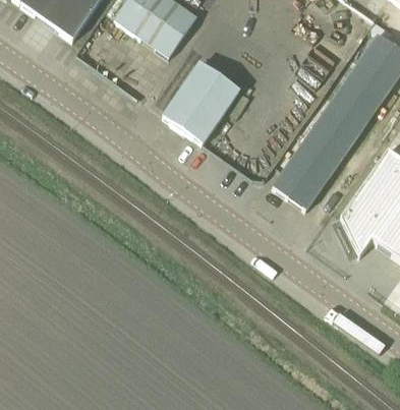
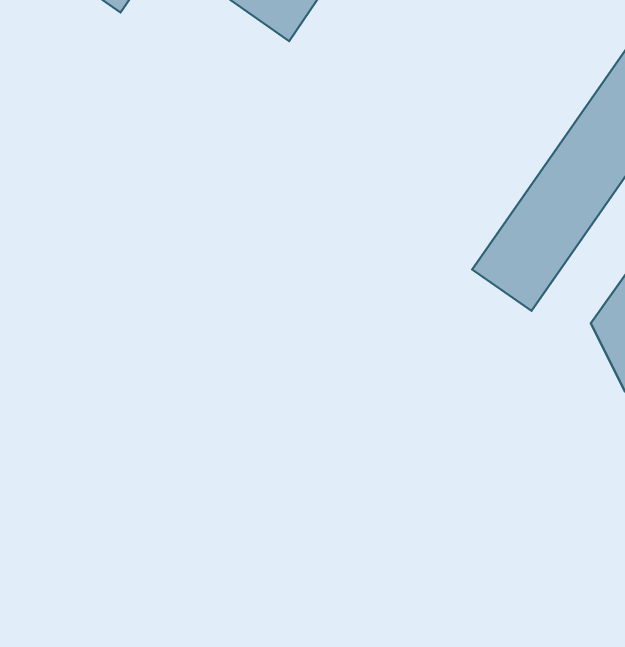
building: [163,60,240,141] -> none

